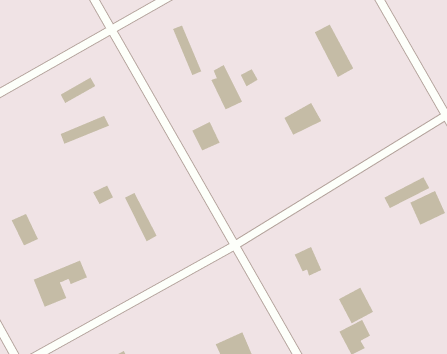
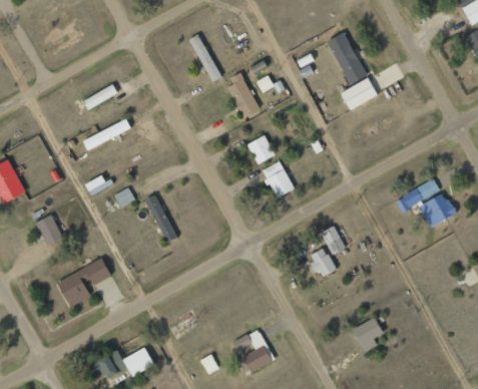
building: [284,102,322,136] -> [341,77,378,109]
building: [191,121,221,151] -> [248,134,276,163]
building: none -> [263,160,294,198]
building: none -> [321,225,346,254]
building: [338,287,374,324] -> none

